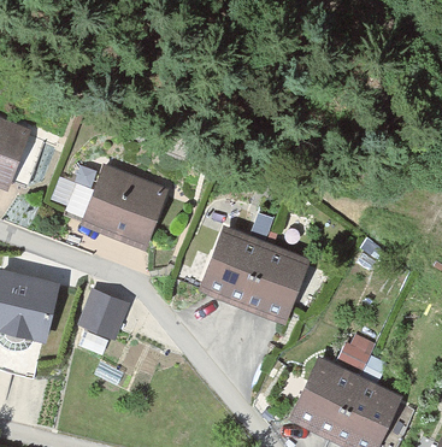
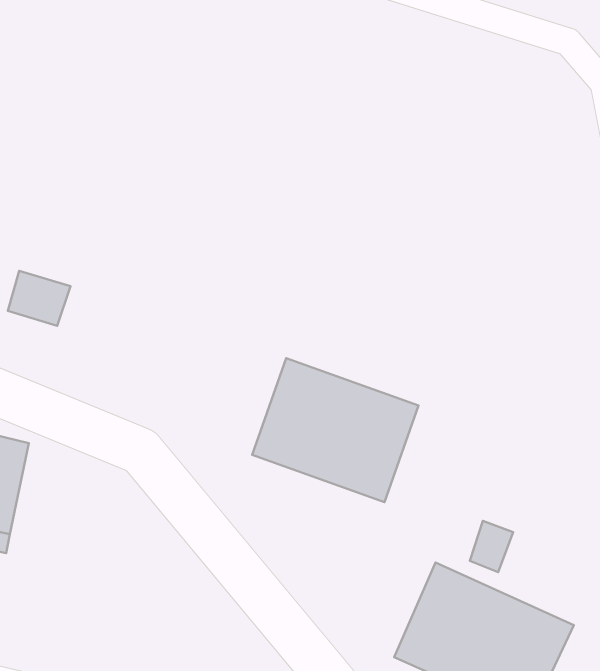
building: [82,170,166,247] -> none
building: [75,281,128,335] -> none

